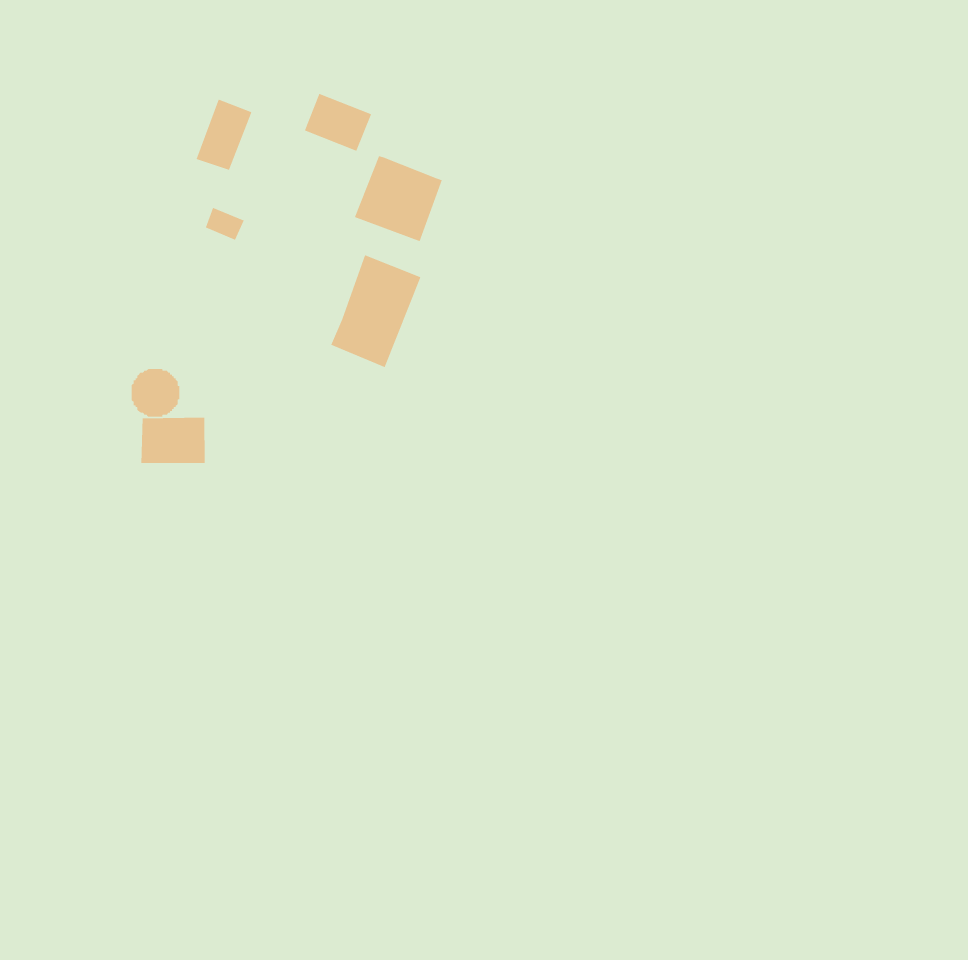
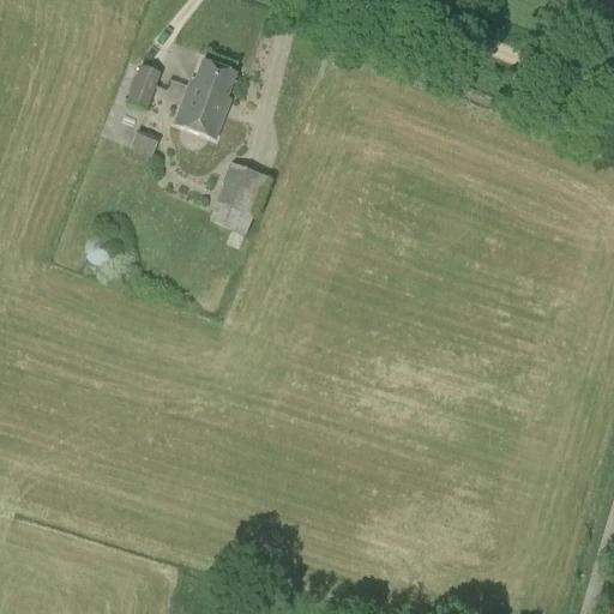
building: [354,155,443,242] -> [174,82,230,137]
building: [140,417,206,464] -> none

